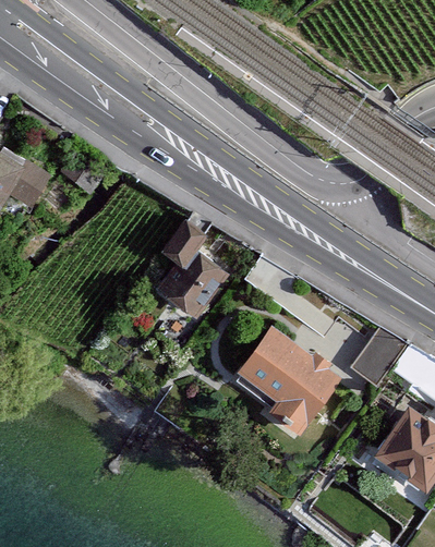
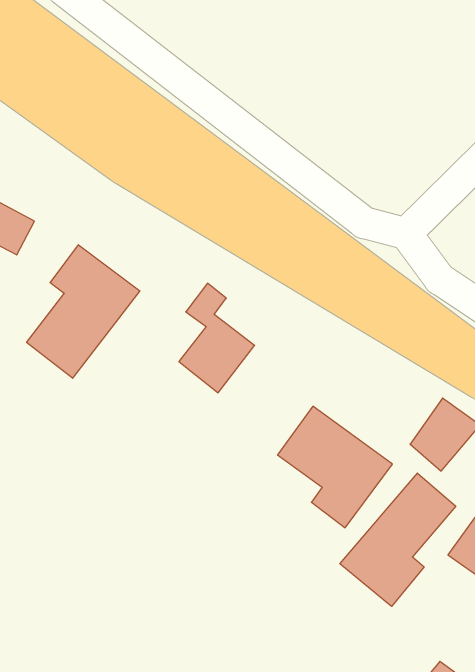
building: none -> [27,245,140,378]
building: none -> [340,473,456,606]

